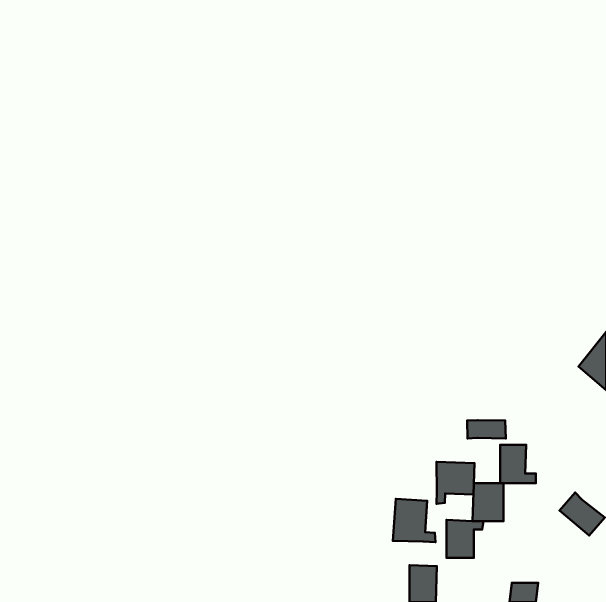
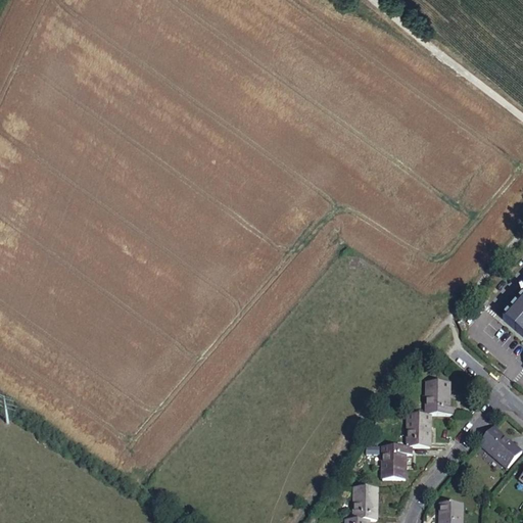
building: [467,420,506,439] -> none
building: [436,462,474,504] -> none
building: [393,499,435,542] -> none

